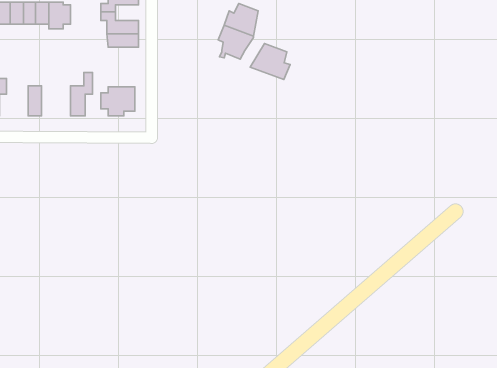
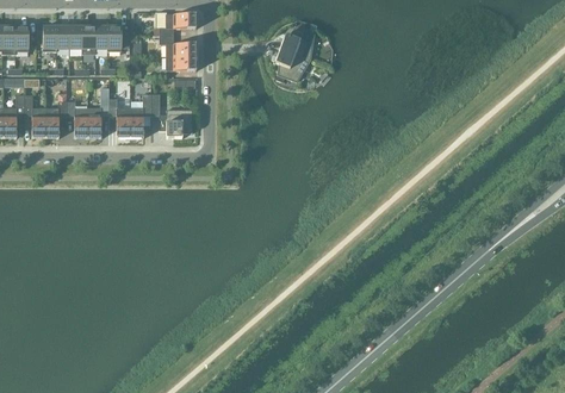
building: [250,43,290,80] -> none
building: none -> [108,98,129,137]
building: none -> [66,100,87,137]

